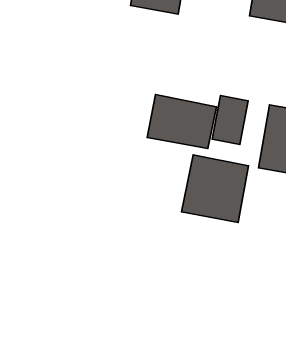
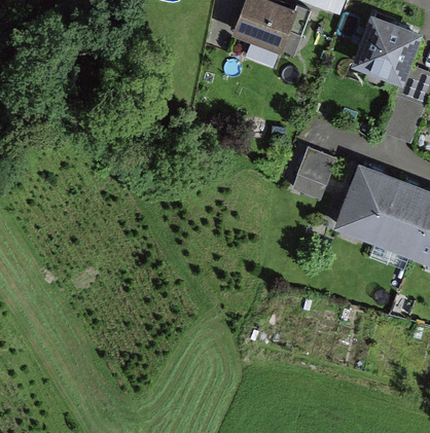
building: [147,95,216,149] -> none
building: [181,155,248,223] -> none

